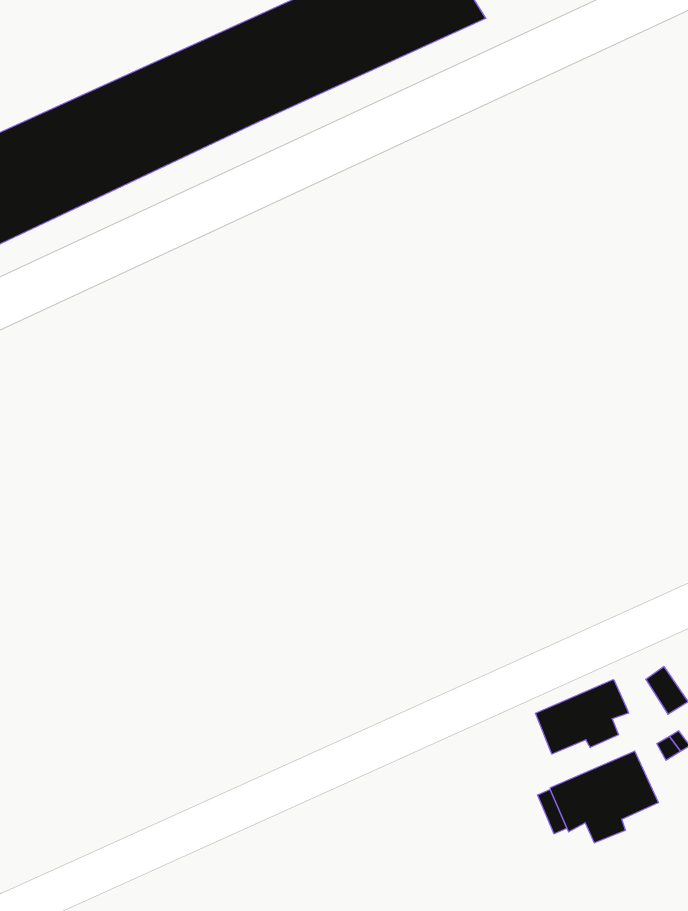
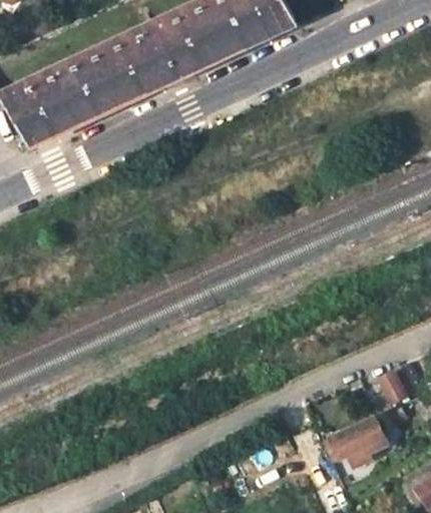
building: [535,680,628,754] -> none

